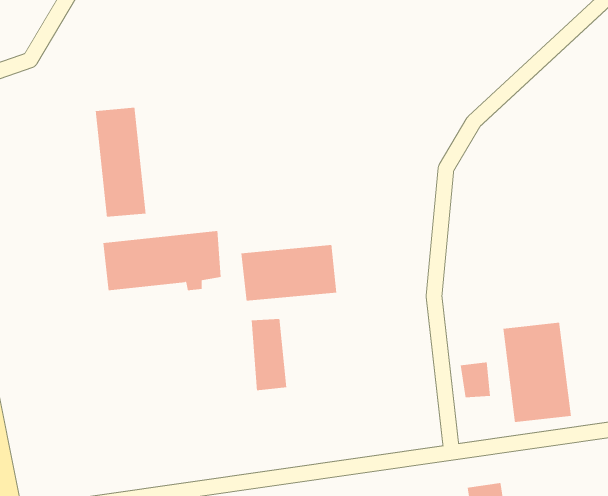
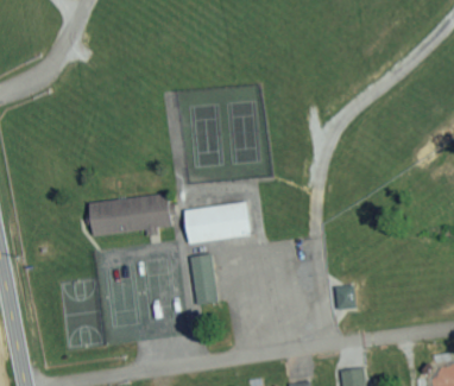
building: [95,107,146,218] -> none
building: [503,322,571,423] -> none

